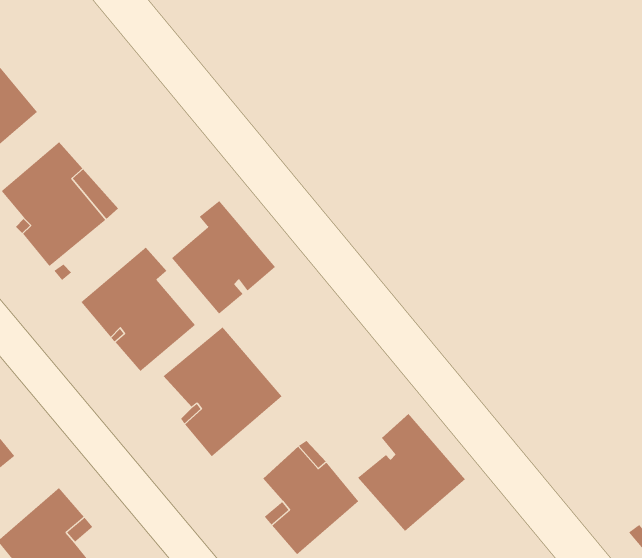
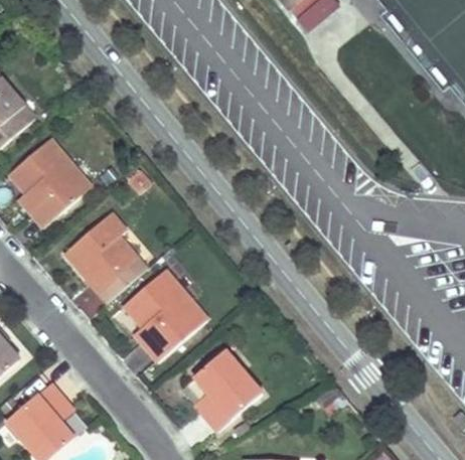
building: [171,200,276,315] -> none
building: [357,413,466,532] -> none

